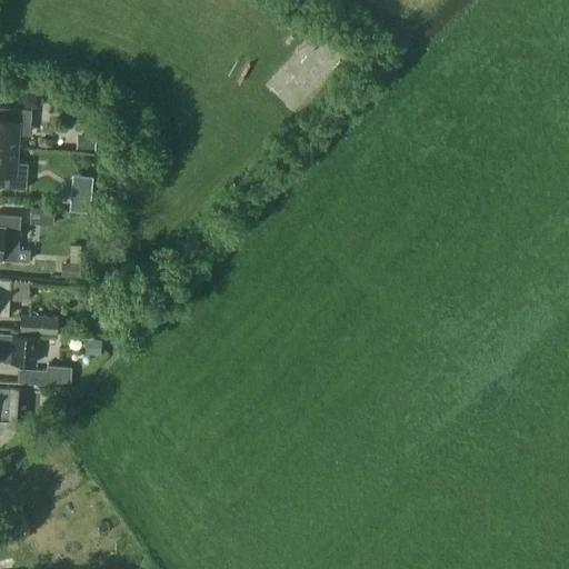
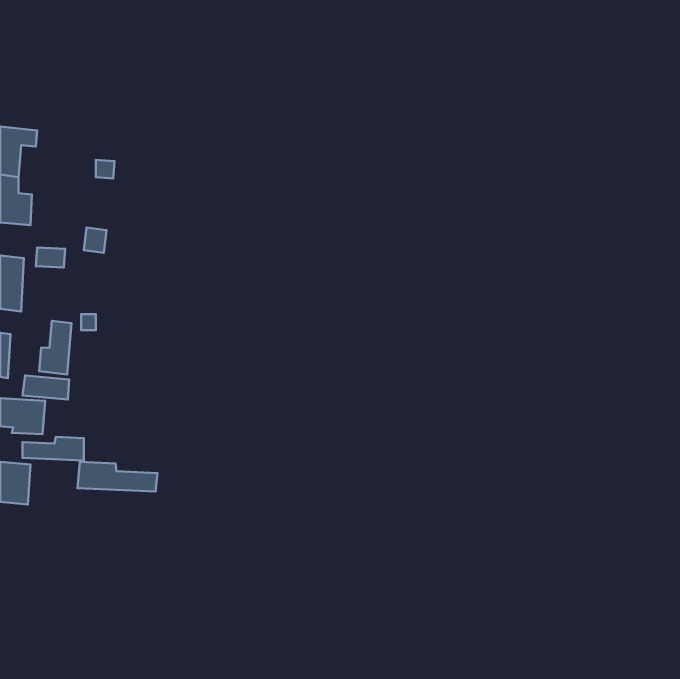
building: none -> [39,321,72,375]
building: none -> [78,462,157,491]

